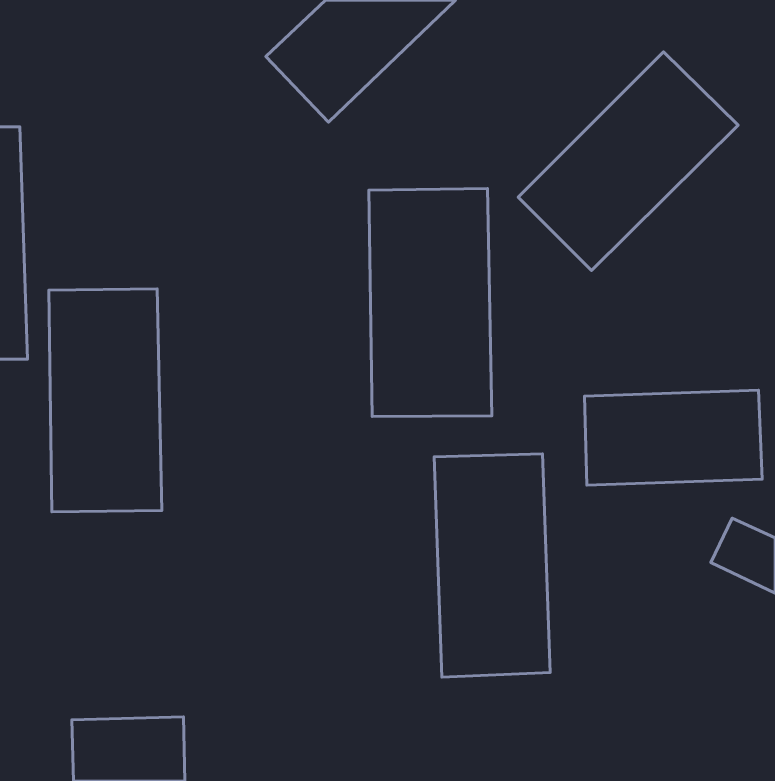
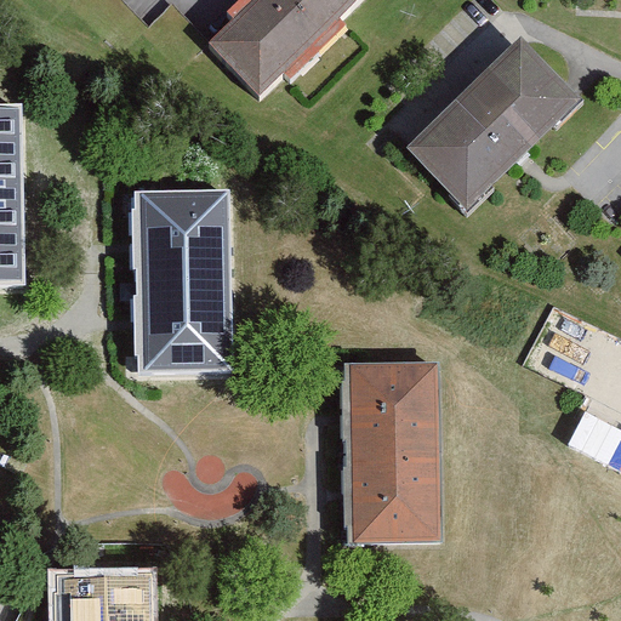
building: [369,188,492,416] -> none
building: [49,289,162,512] -> [136,188,226,365]
building: [585,390,762,485] -> none

